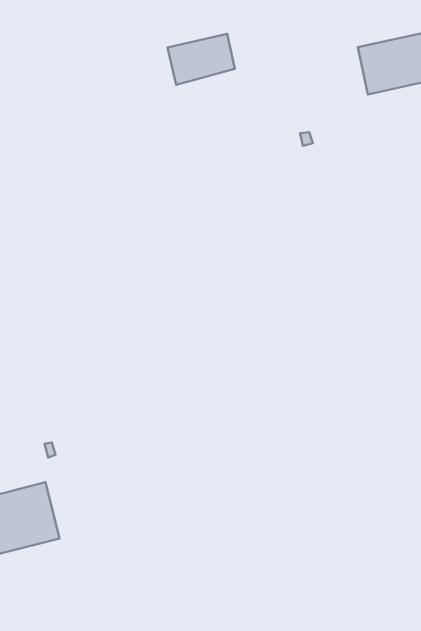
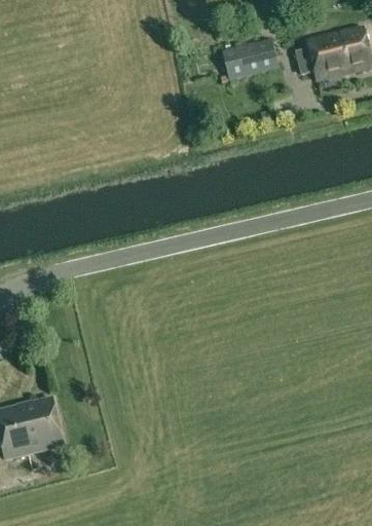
building: [167,34,235,85] -> [221,38,276,80]

